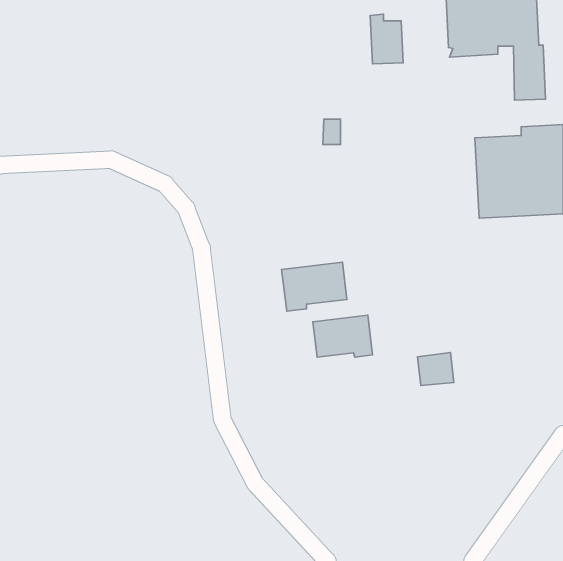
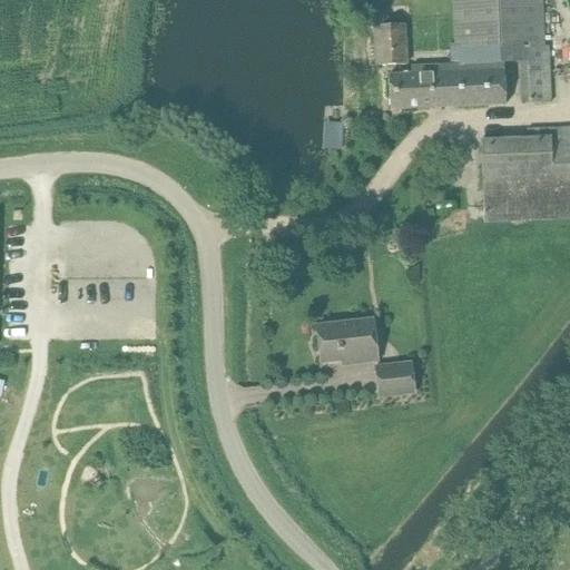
building: none -> [389,60,505,108]
building: [282,262,347,311] -> none
building: [417,353,454,386] -> [376,362,413,395]

